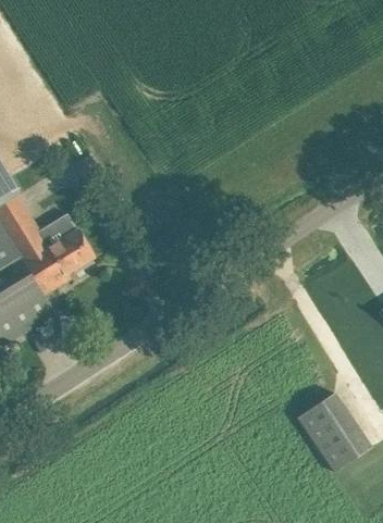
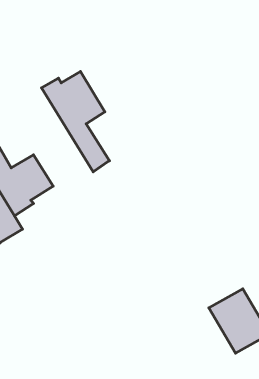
building: none -> [42,71,110,172]

